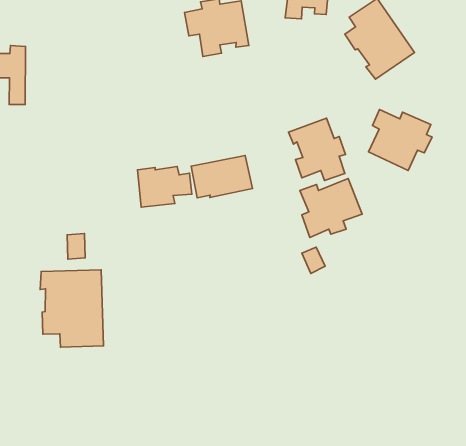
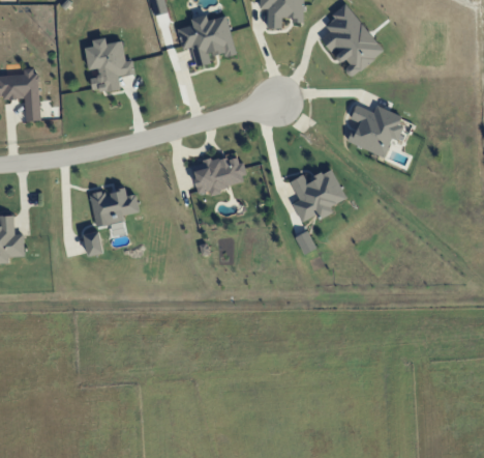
building: none -> [85,37,135,91]
building: [288,118,345,180] -> none
building: [138,167,192,207] -> [90,188,140,226]
building: [40,270,103,347] -> none

